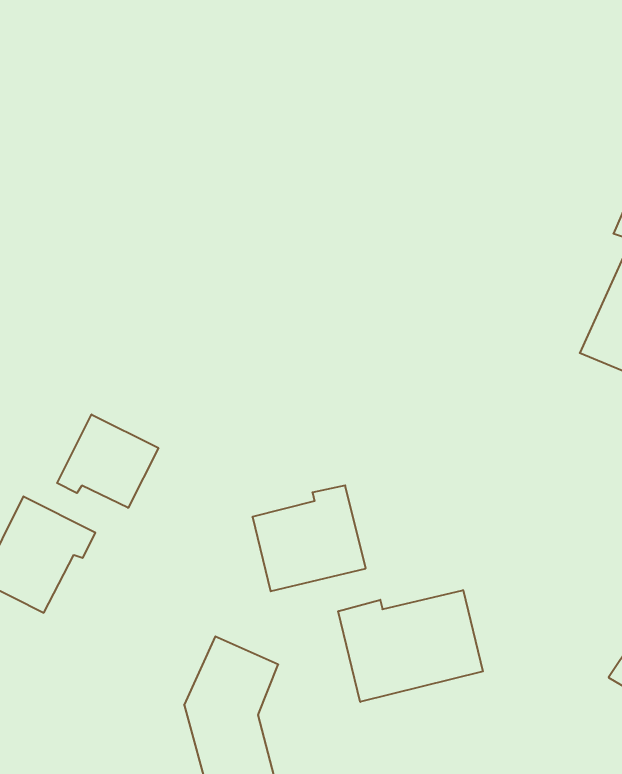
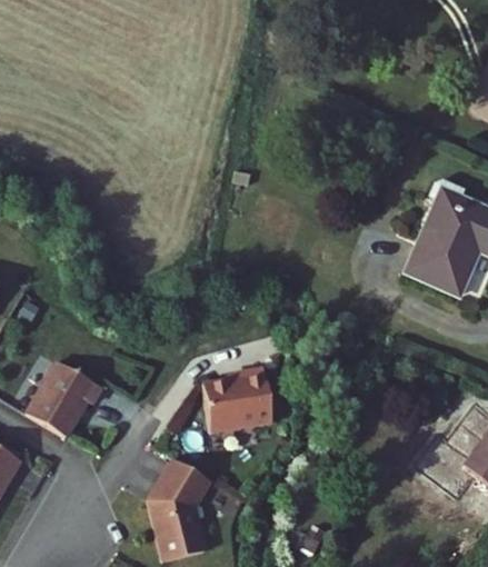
building: [57,414,158,508] -> none
building: [338,590,483,702] -> none

